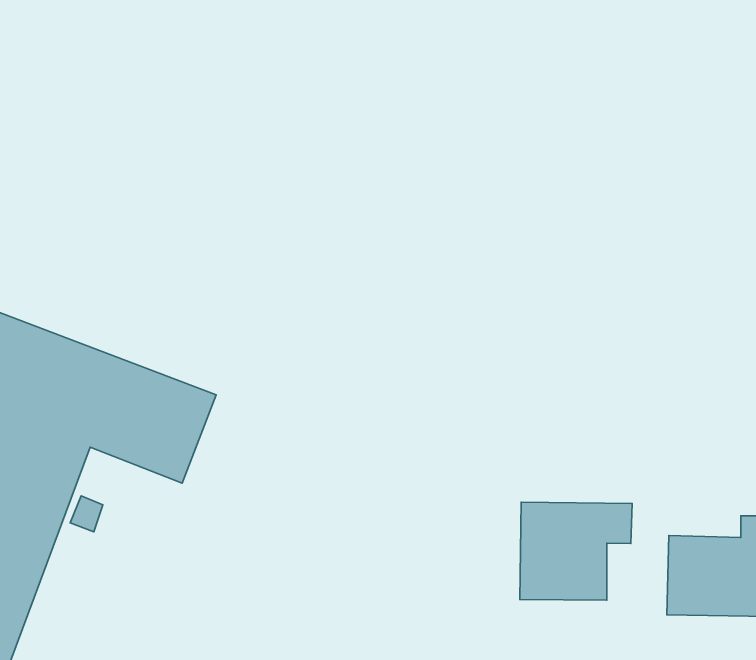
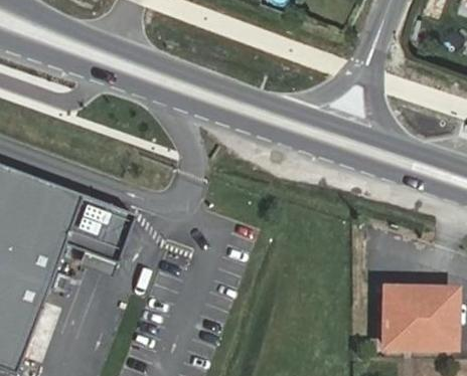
building: [520,502,632,600] -> none

